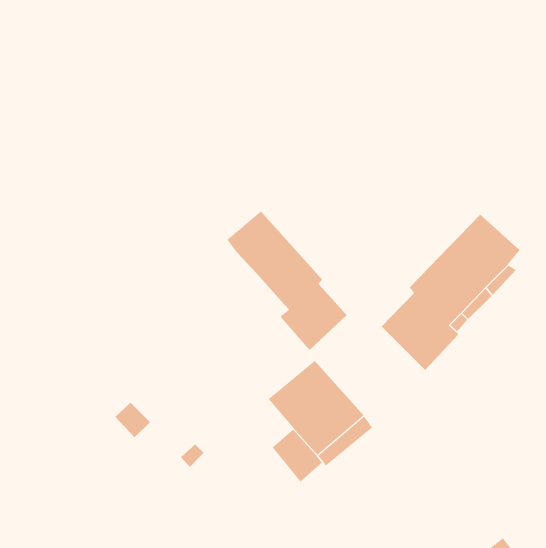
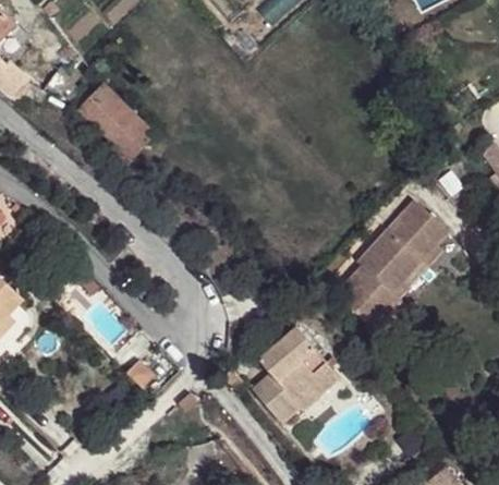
building: none -> [83,88,149,155]
building: [226,211,347,351] -> none

